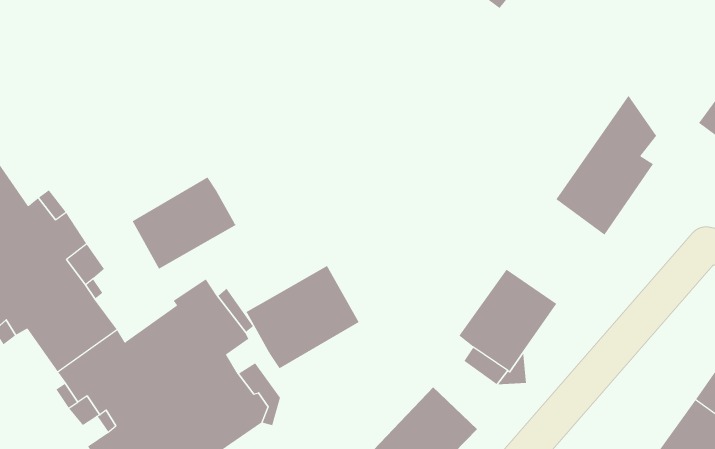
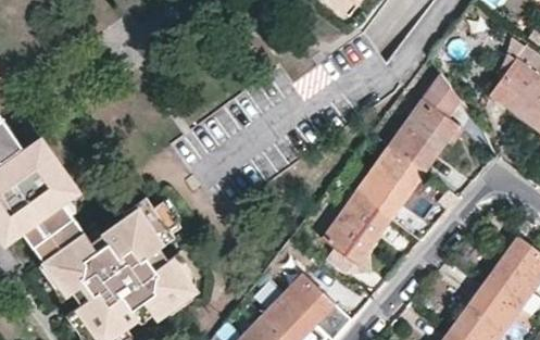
building: [132,176,236,269] -> none
building: none -> [354,147,422,218]
building: [245,265,359,369] -> none

